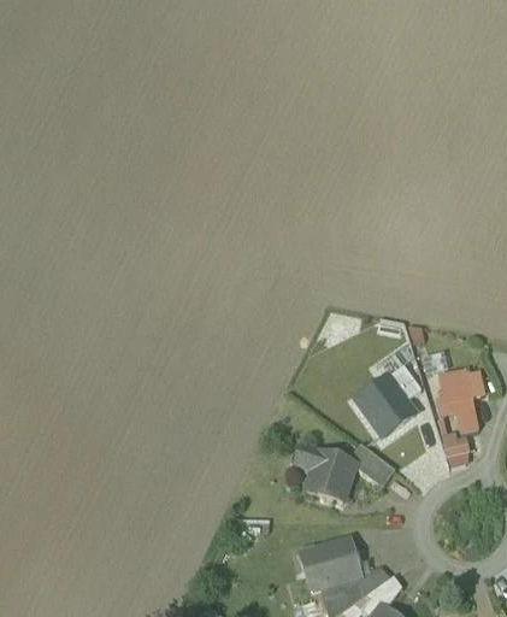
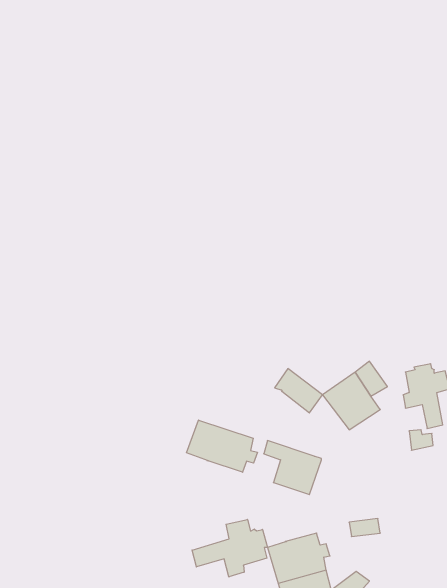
building: none -> [187,420,257,472]
building: [347,441,395,486] -> [275,369,323,413]
building: none -> [192,519,267,577]

